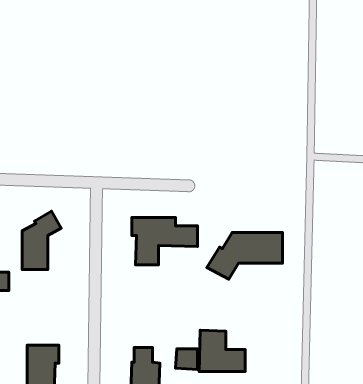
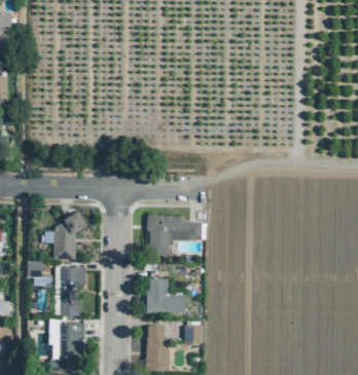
building: [207,233,283,279] -> none
building: none -> [60,267,85,314]
building: [199,330,245,371] -> [146,277,185,312]

